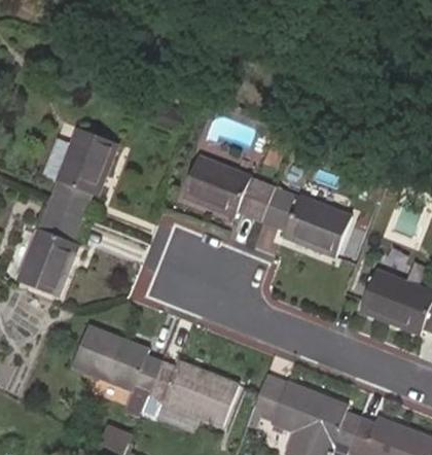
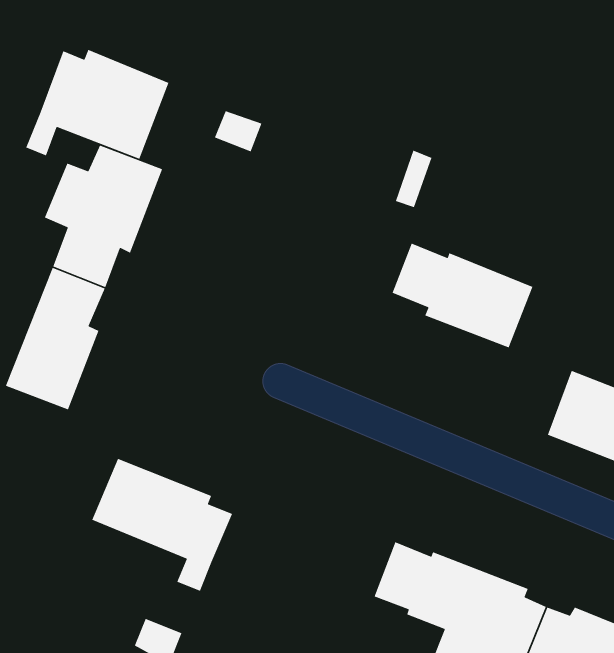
building: none -> [25,49,169,160]
building: [182,155,275,220] -> none
building: [142,359,238,423] -> none

